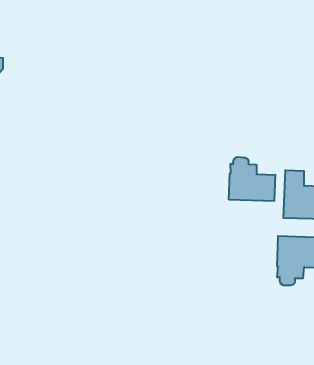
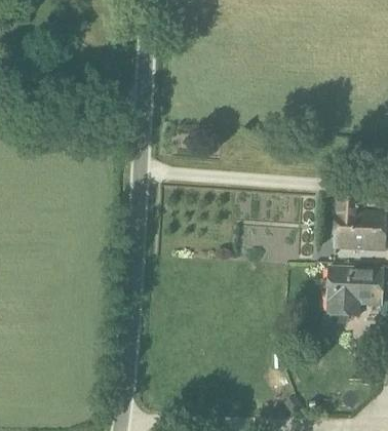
building: [229,157,275,201] -> none

